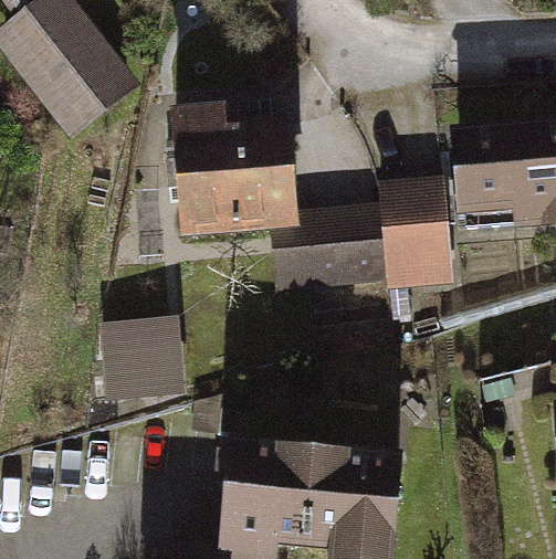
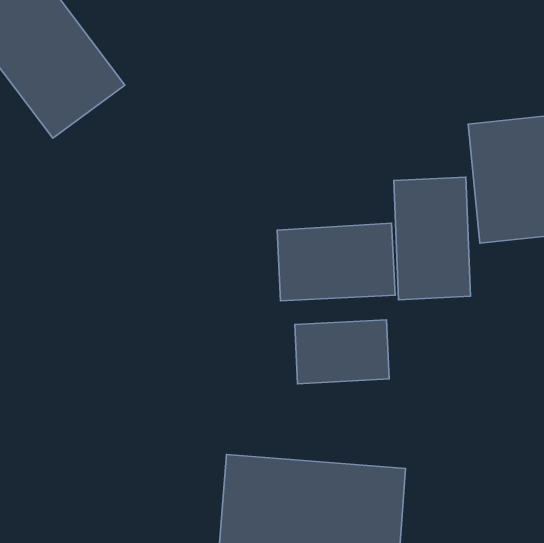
building: [171,99,296,230] -> none
building: [103,312,188,398] -> none
building: none -> [295,320,389,384]

